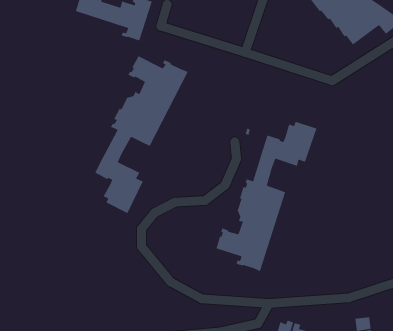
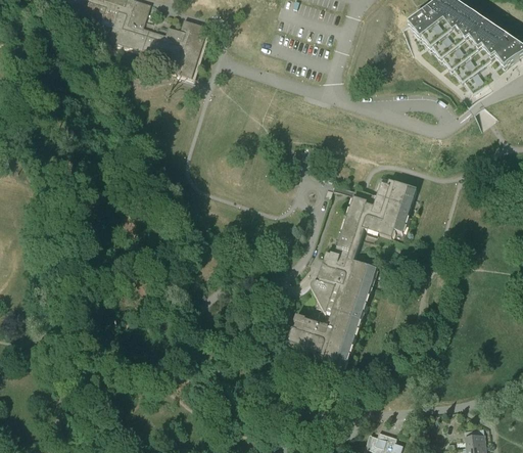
building: [94,55,189,214] -> none

